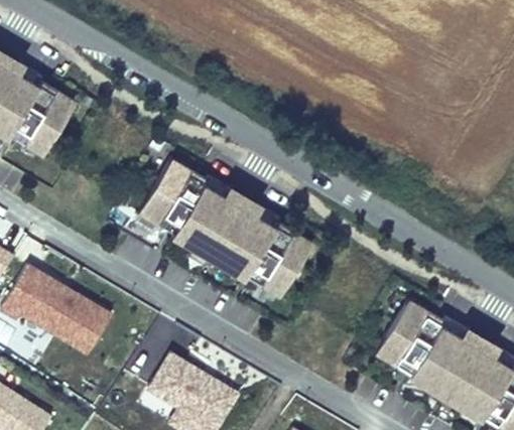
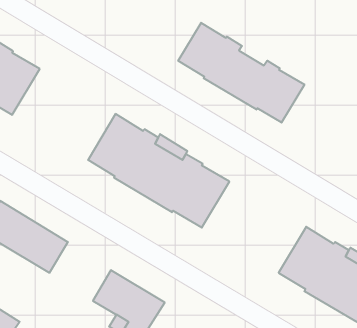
building: none -> [178,23,304,123]

